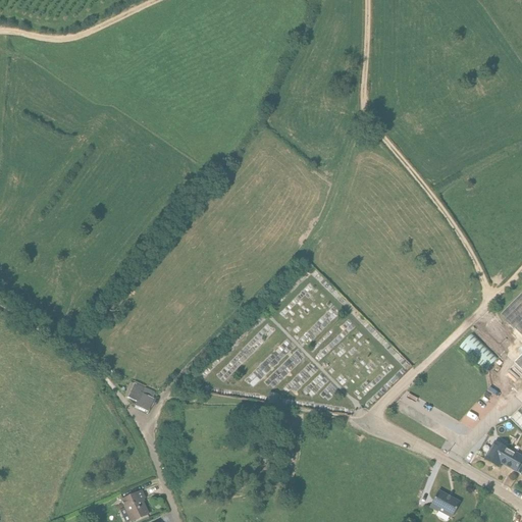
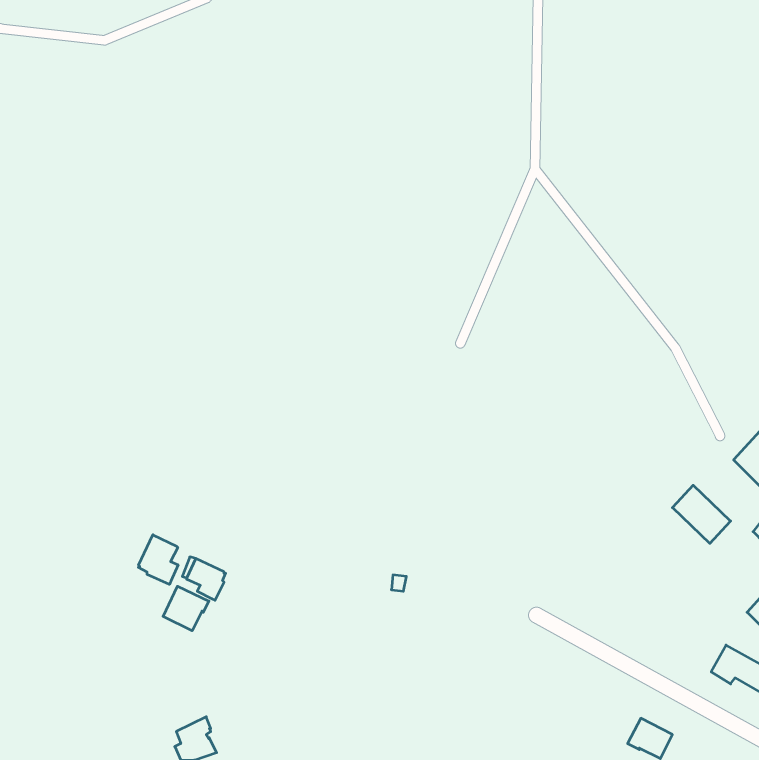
building: none -> [138,535,178,584]
building: none -> [163,586,209,631]

